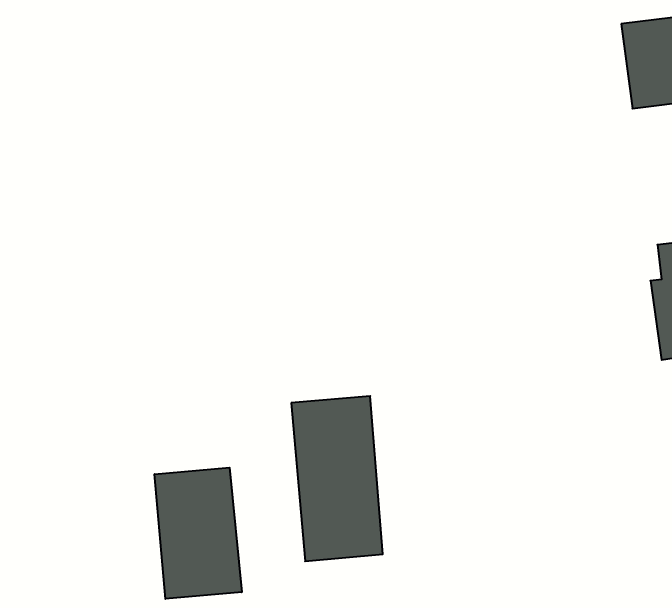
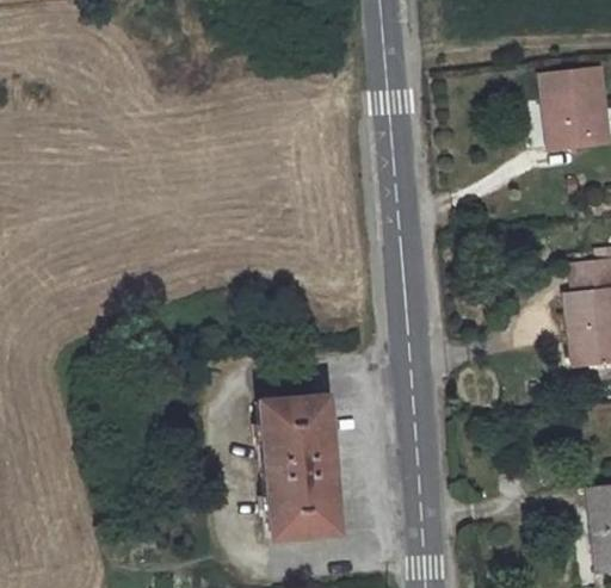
building: [155,468,242,599] -> none

